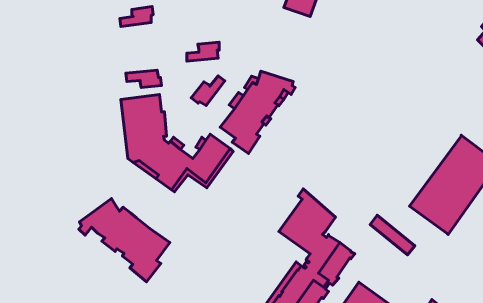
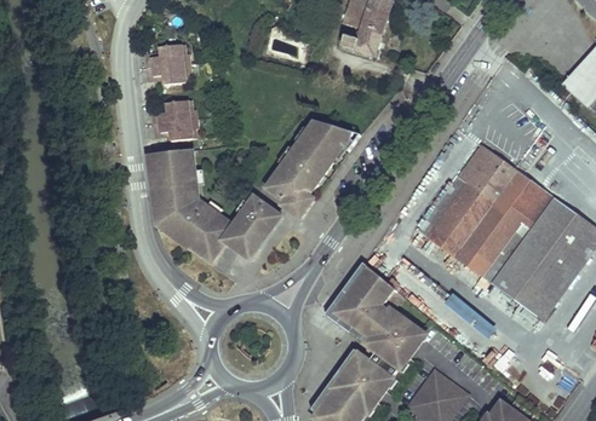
building: none -> [147,62,189,83]
building: [187,42,219,61] -> [153,99,191,122]
building: [191,76,225,105] -> none
building: none -> [420,145,551,279]
building: none -> [327,269,373,342]
building: [79,198,170,282] -> none

